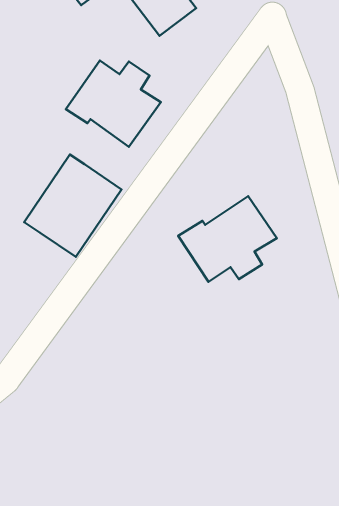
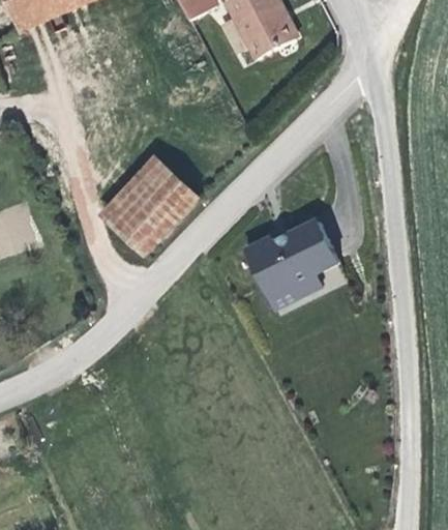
building: [66,60,161,147] -> none

